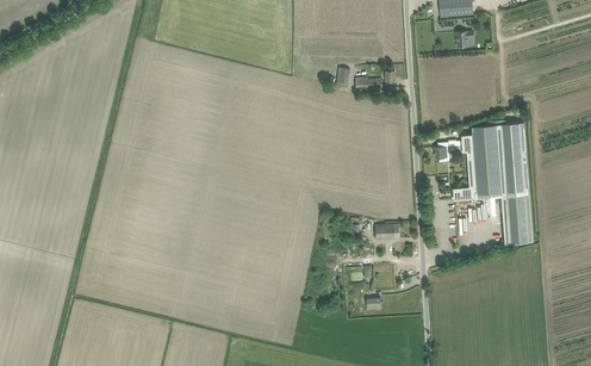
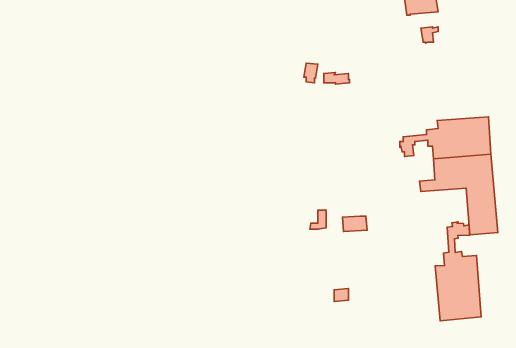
building: none -> [435,222,481,321]

